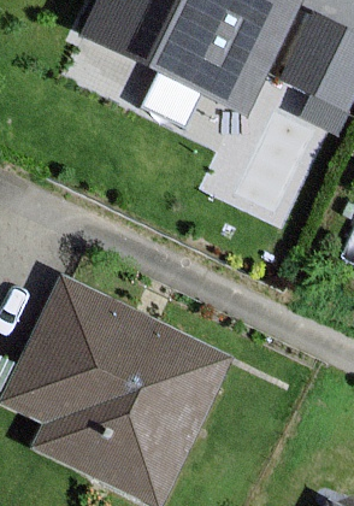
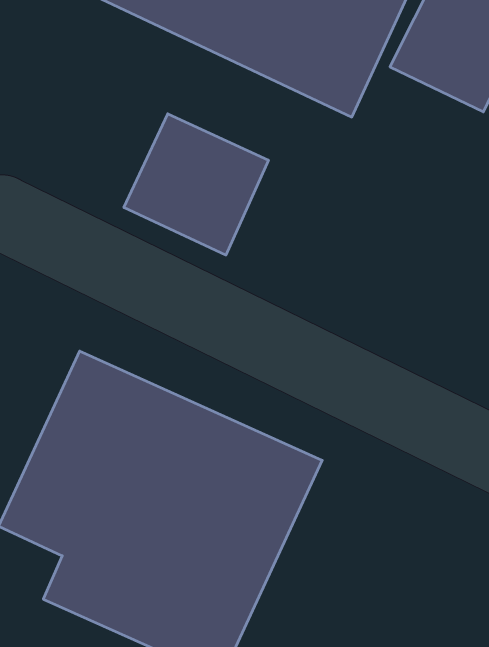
building: none -> [124,114,268,255]

